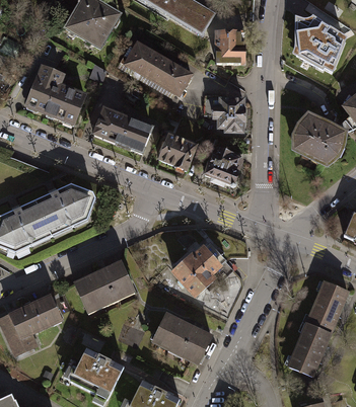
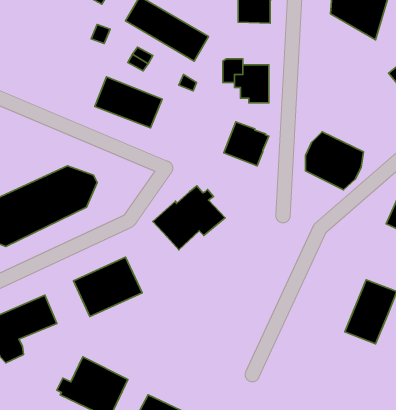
building: [26,65,84,120] -> none
building: [294,113,344,163] -> [306,132,364,190]
building: [158,133,196,169] -> none
building: [174,240,236,295] -> [153,186,225,250]
building: [152,312,211,360] -> none
building: [289,325,334,381] -> none

